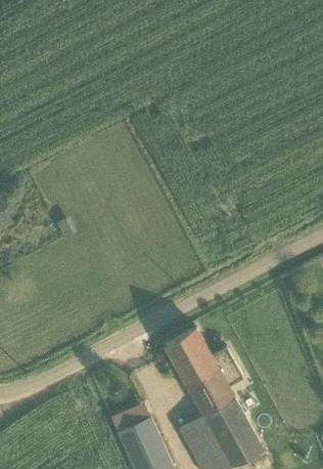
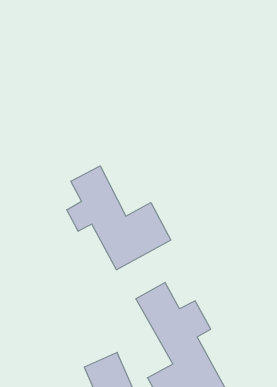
building: none -> [67,166,171,270]

